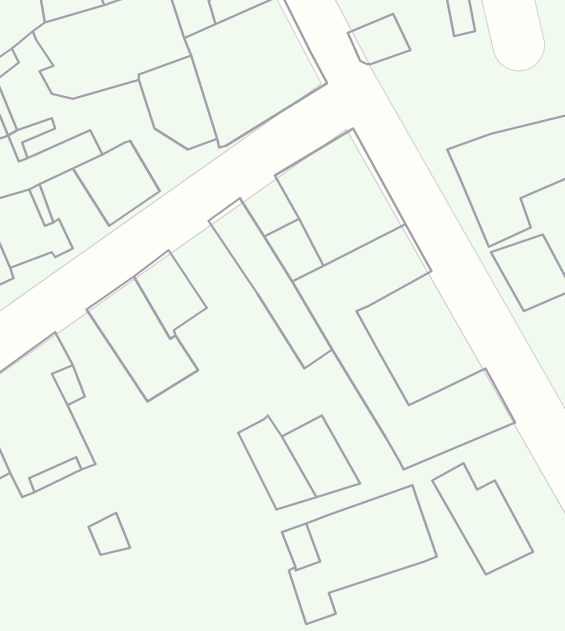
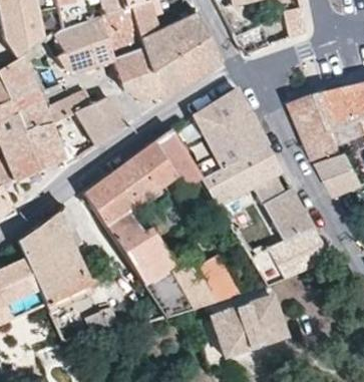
building: none -> [129,142,180,198]
building: none -> [117,229,192,317]
building: [432,463,533,575] -> [254,176,312,241]

